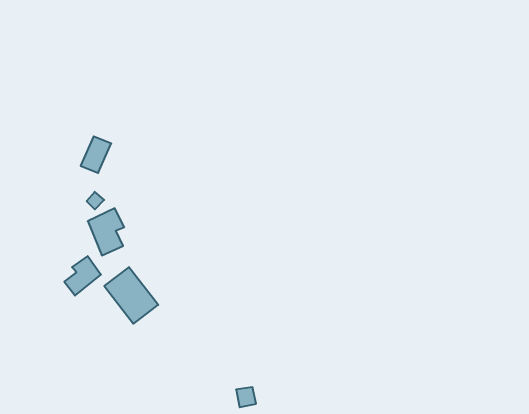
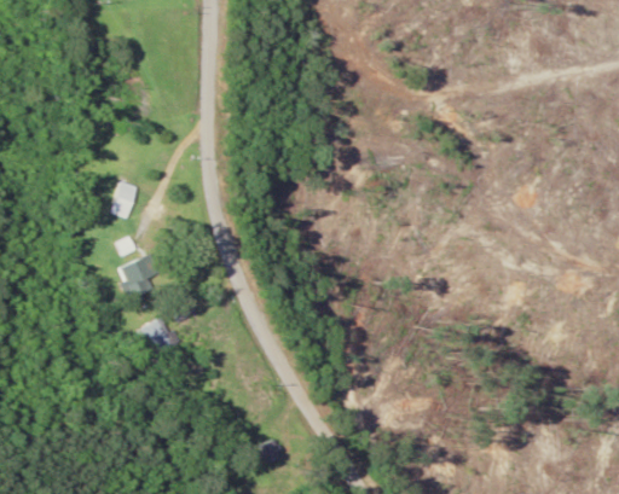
building: [64,256,101,296] -> none

